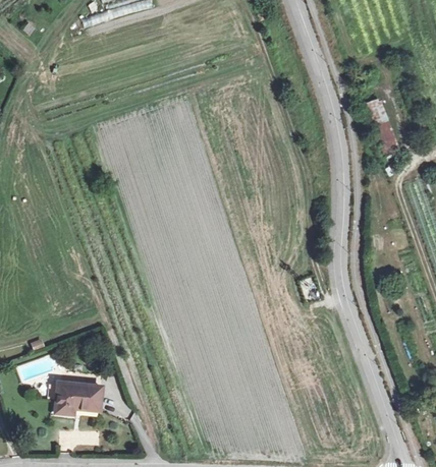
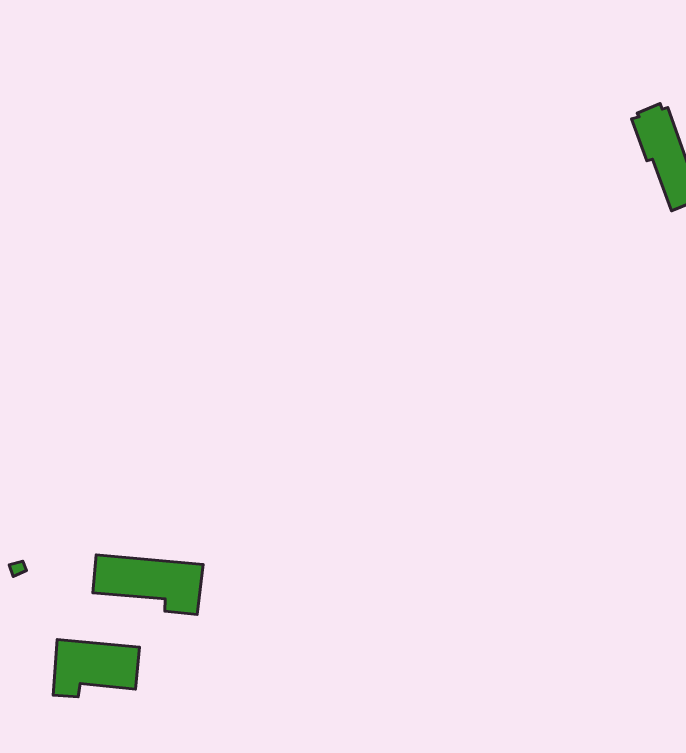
building: none -> [93,555,203,614]

